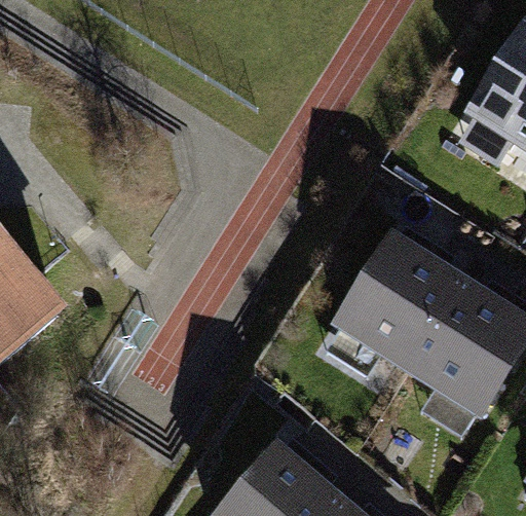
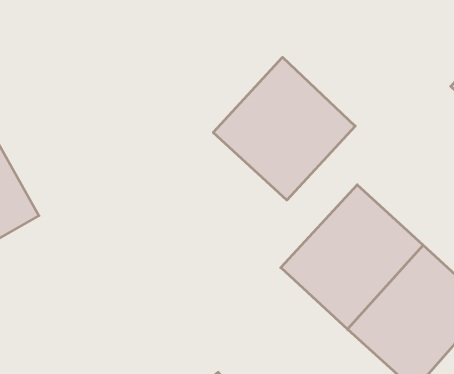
building: none -> [213,57,355,200]

